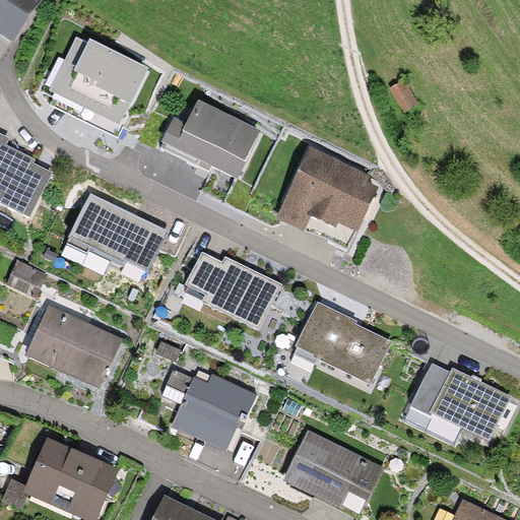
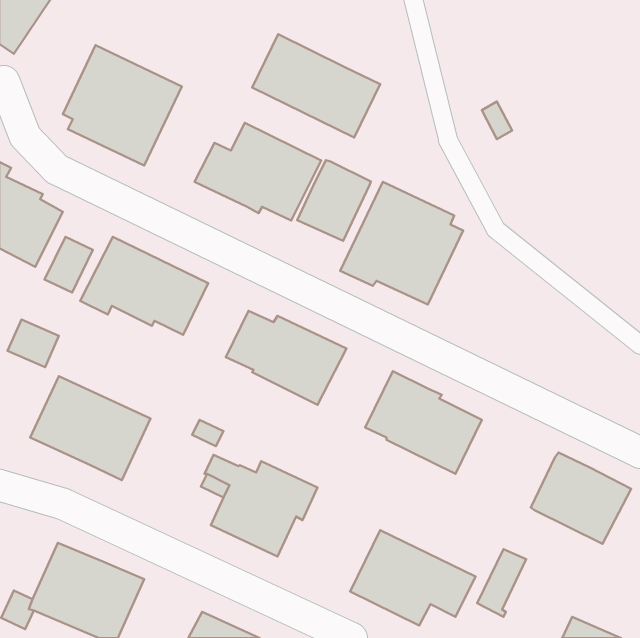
building: none -> [252,34,380,138]
building: none -> [297,160,371,241]
building: none -> [45,237,93,293]
building: [409,363,449,417] -> [477,549,526,617]

